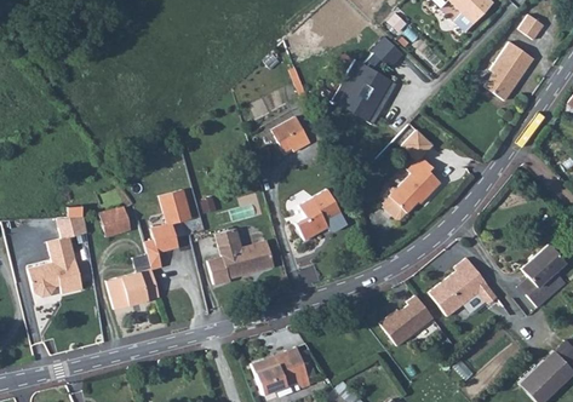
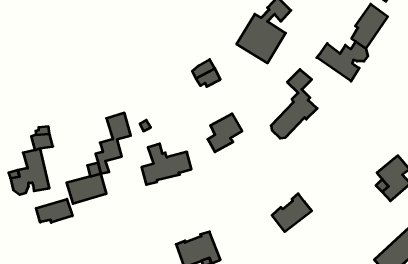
building: none -> [317,41,368,81]
building: [99,206,130,237] -> none
building: [429,257,488,316] -> none
building: none -> [36,199,72,223]

